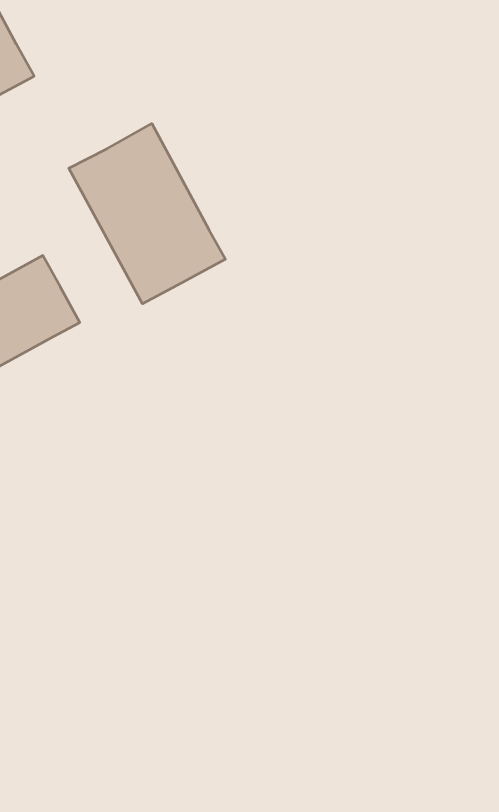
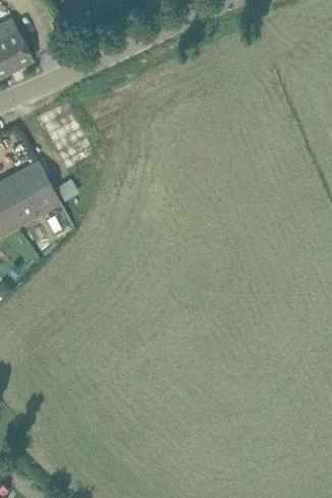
building: [69,124,225,304] -> none

